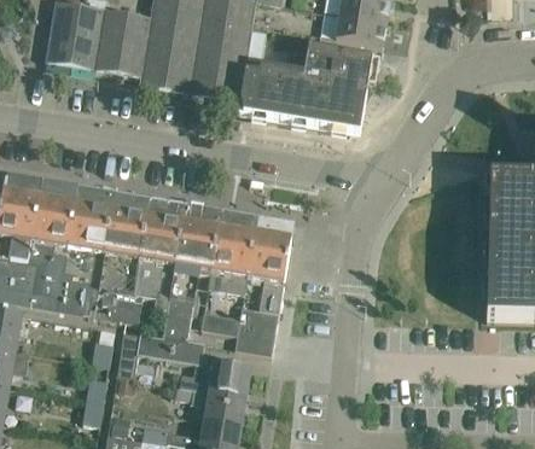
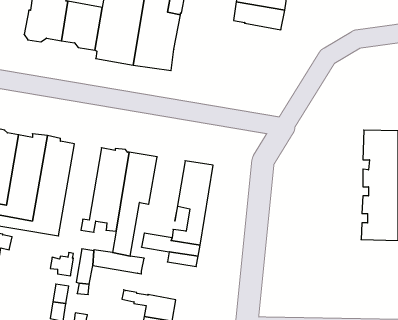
building: [239,48,379,130] -> none
building: [93,193,149,321] -> none
building: [208,211,257,295] -> none
building: [180,360,250,397] -> none

